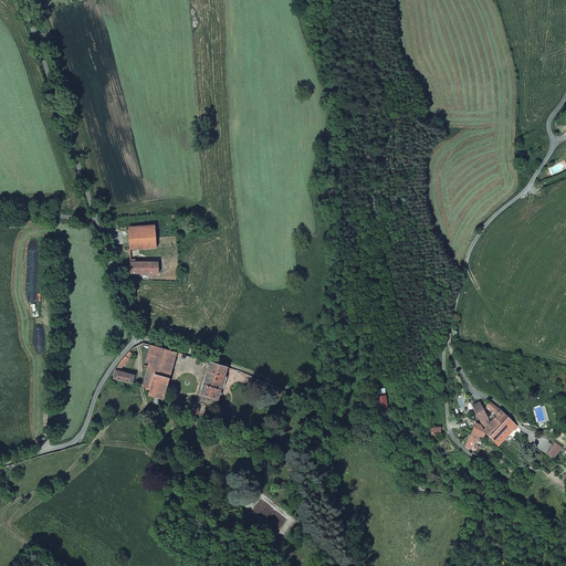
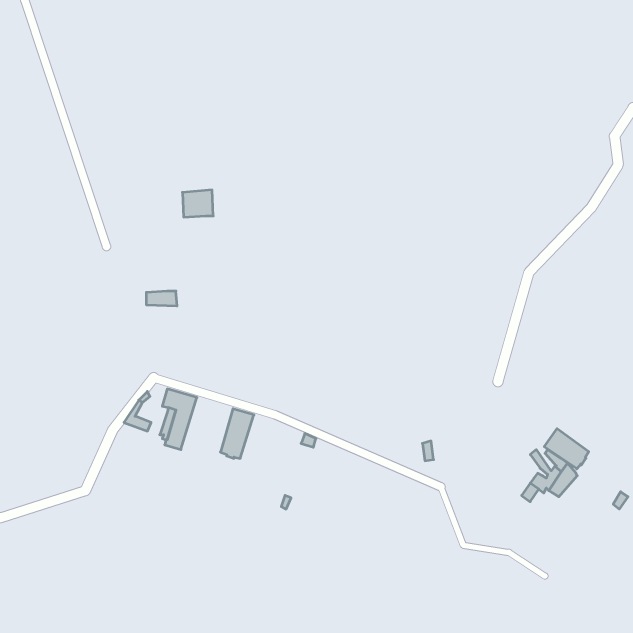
building: [128,223,156,248] -> [182,190,213,217]
building: none -> [544,429,589,469]

